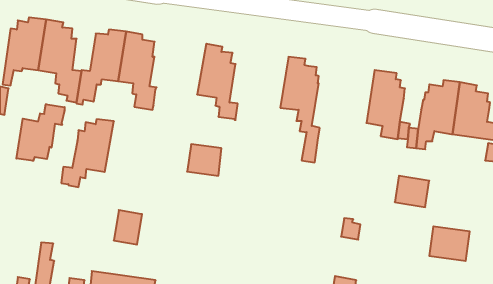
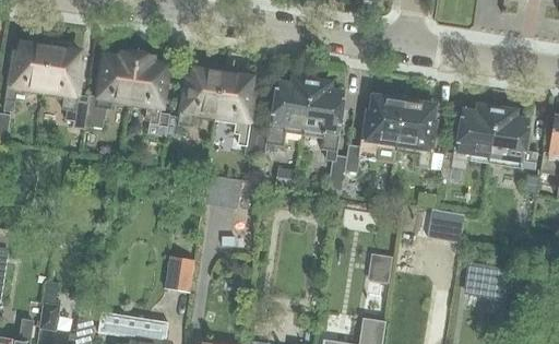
building: none -> [255,75,312,151]
building: none -> [344,88,405,170]
building: [16,104,65,161] -> none
building: [61,119,114,187] -> [167,62,224,135]
building: [114,210,142,245] -> [164,253,194,290]

